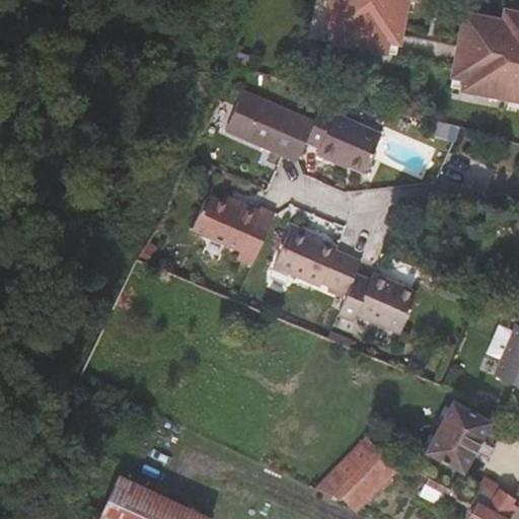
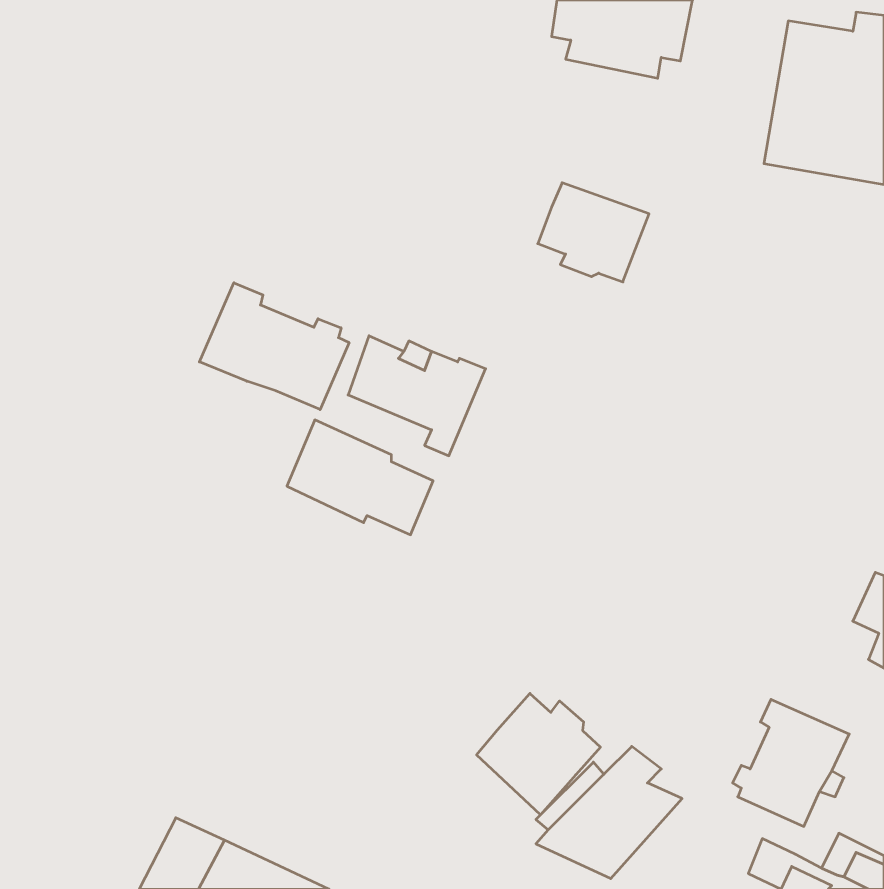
building: [231,93,321,163] -> none
building: none -> [199,283,349,410]
building: [287,230,372,297] -> [287,420,433,535]
building: [370,277,431,337] -> none
building: none -> [477,693,600,815]

